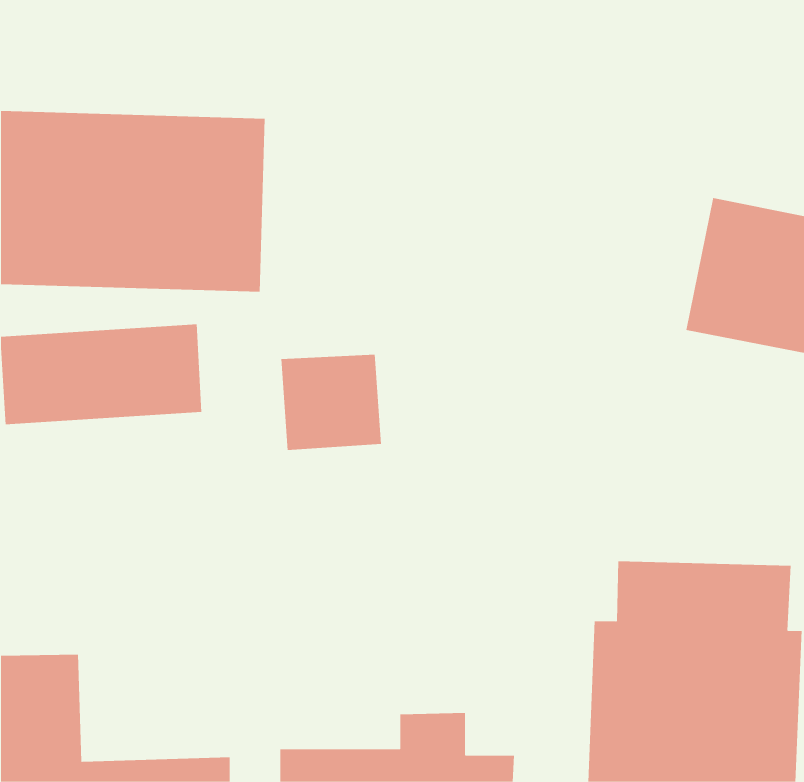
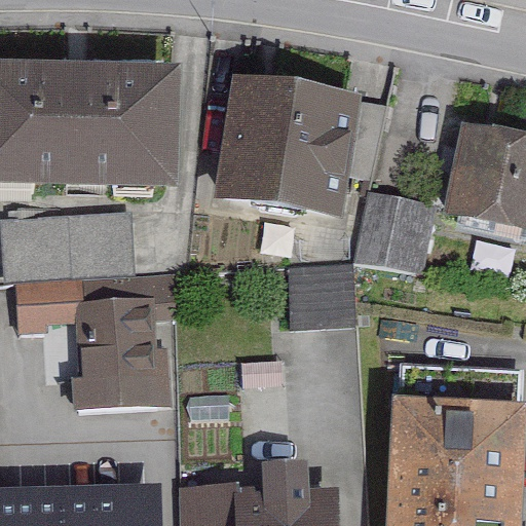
building: none -> [216,84,354,217]
building: none -> [359,191,431,272]
building: [281,354,382,450] -> [288,263,353,326]
building: none -> [18,284,166,404]

